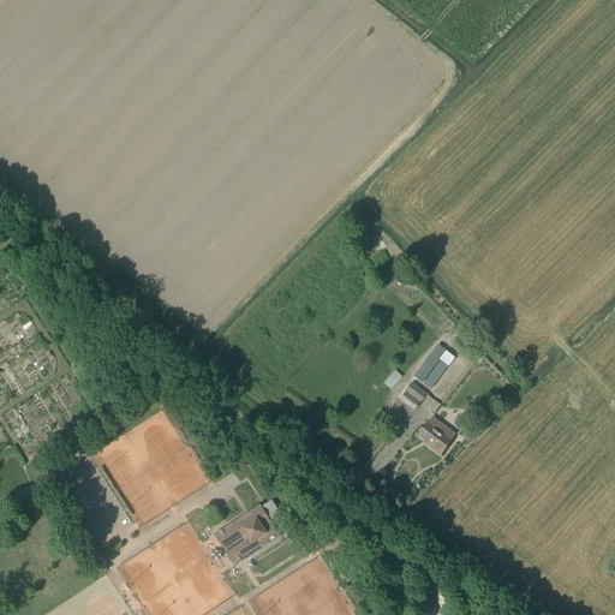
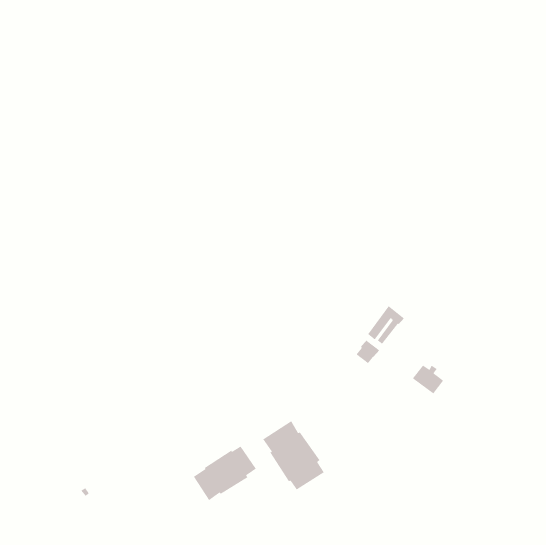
building: [416,420,452,454] -> [412,365,444,395]
building: none -> [262,420,325,490]

